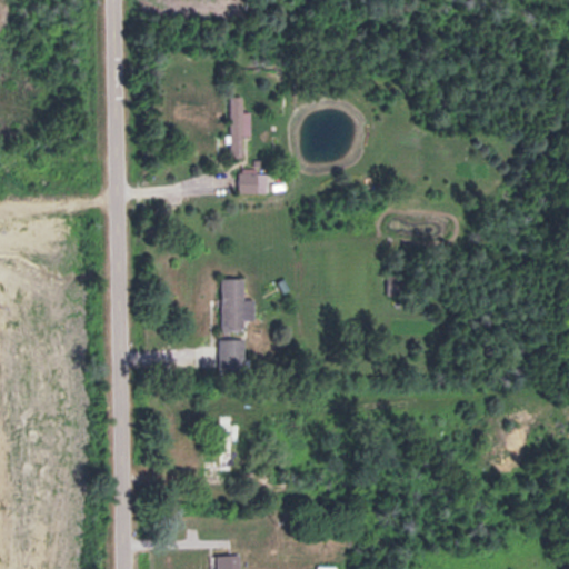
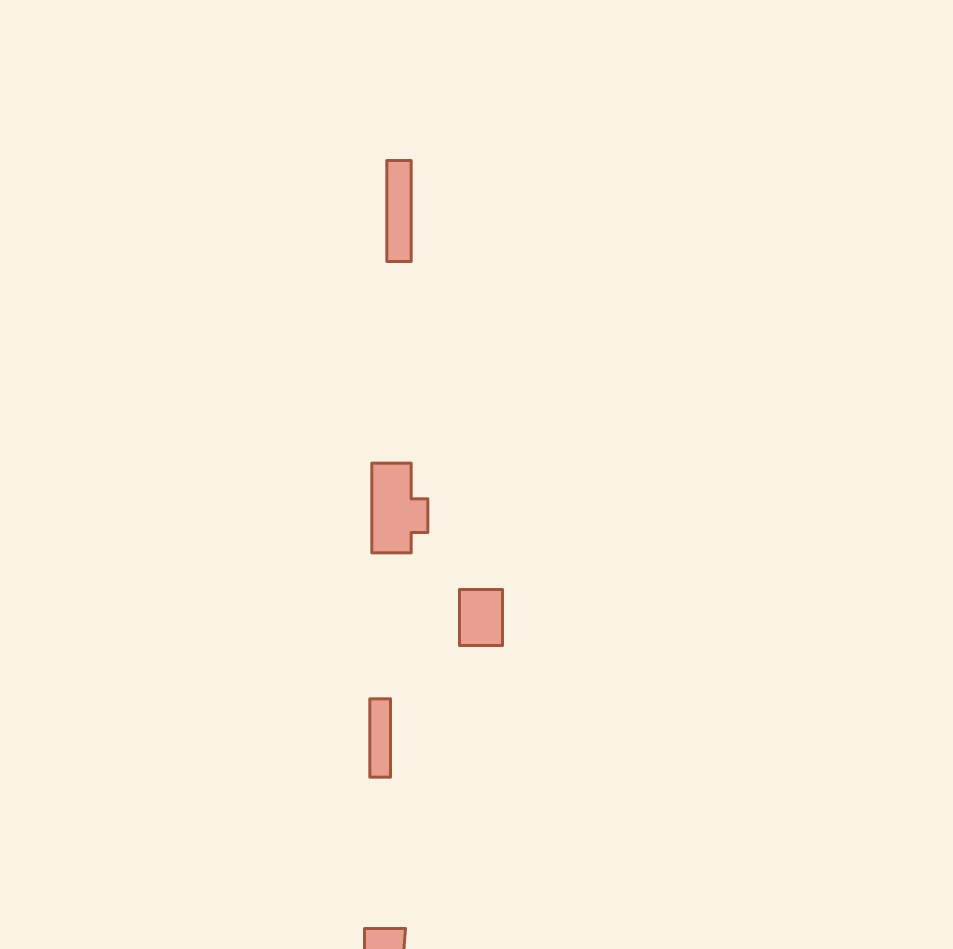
building: [240,174,268,194] -> none
building: [220,339,246,372] -> [460,590,502,646]

